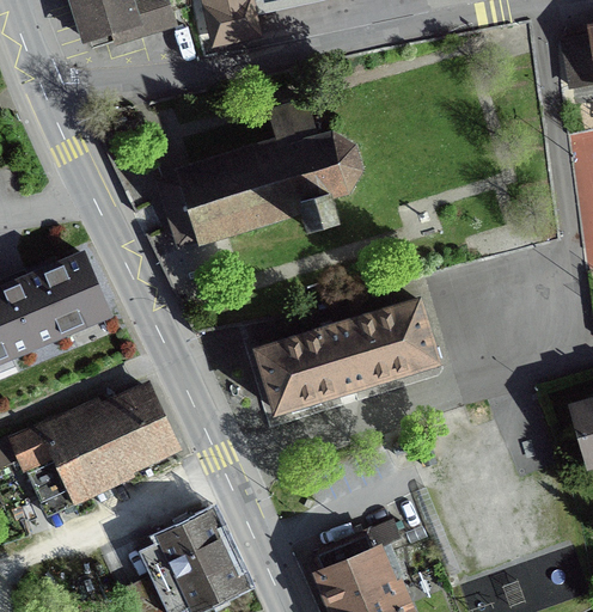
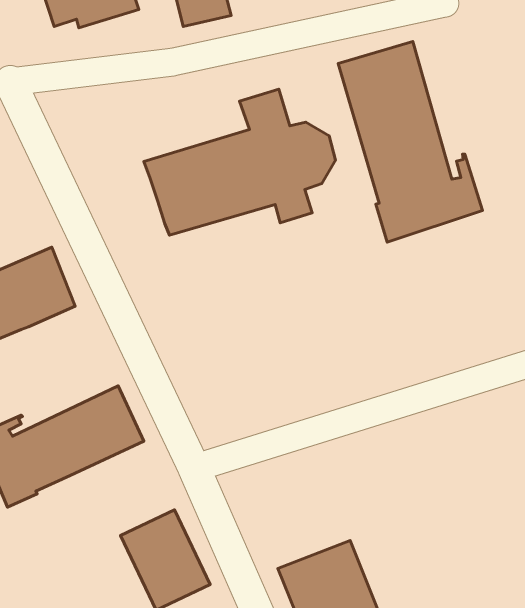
building: none -> [338,42,482,242]
building: [258,301,439,412] -> none

